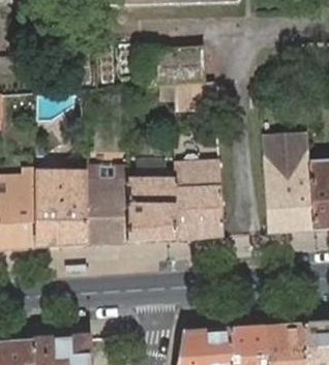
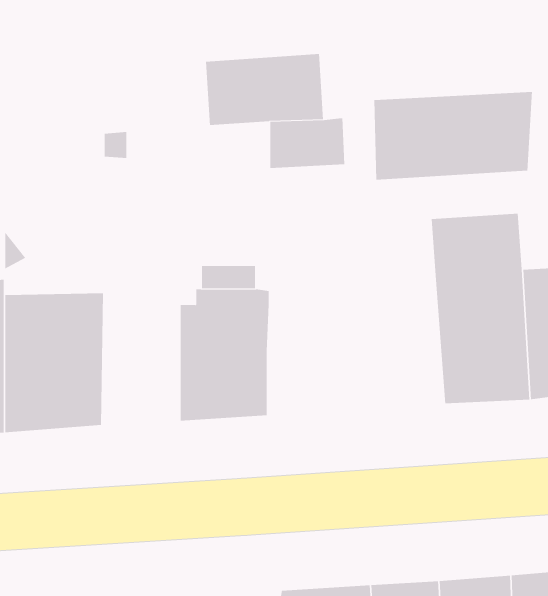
building: none -> [374,91,533,181]
building: [174,152,223,239] -> none
building: [86,165,127,244] -> none

